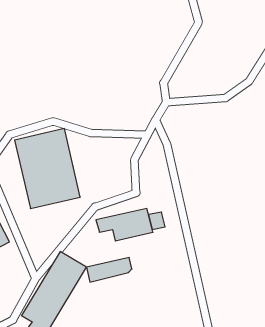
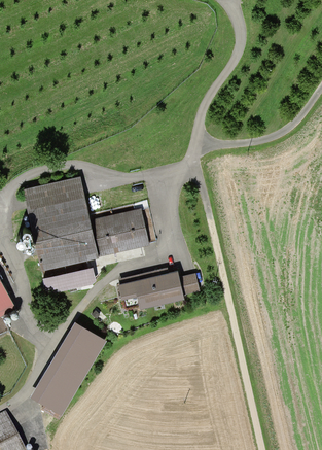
building: none -> [91,208,149,255]
building: [86,258,132,282] -> [42,266,96,295]

